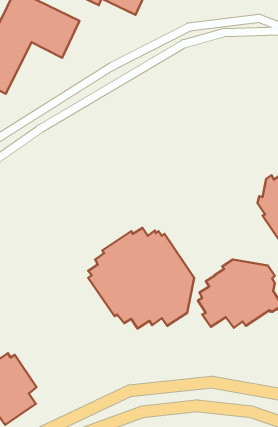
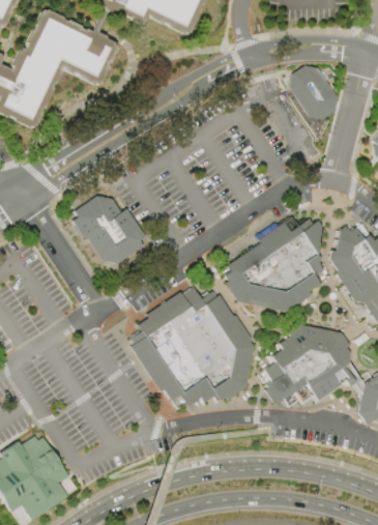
building: none -> [288,64,338,119]
building: none -> [71,195,145,263]
building: none -> [225,216,324,311]

